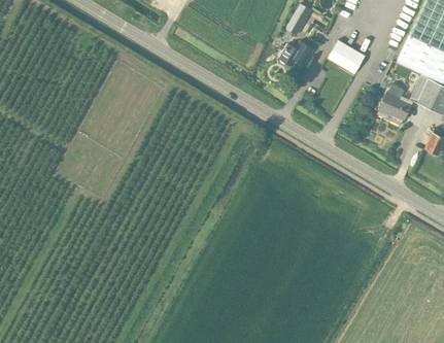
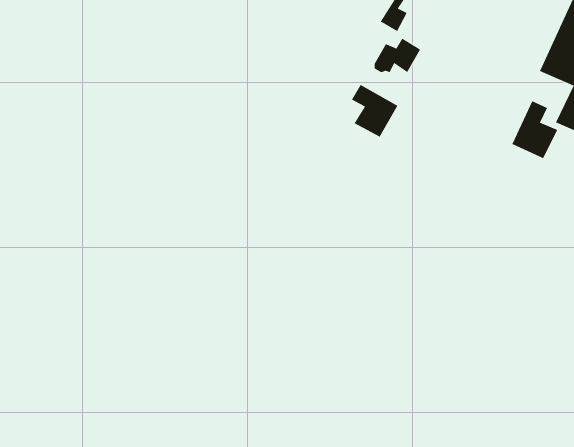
building: [328,39,366,73] -> none
building: none -> [351,84,398,137]

